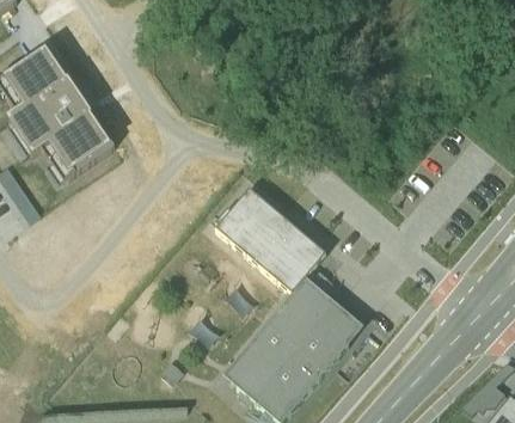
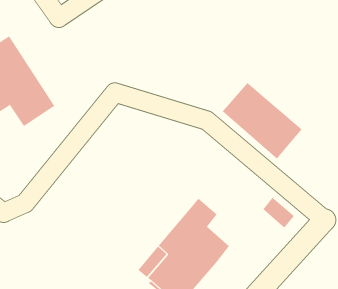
building: [217,184,327,289] -> [222,82,303,159]
building: [320,295,364,338] -> [263,197,295,229]

